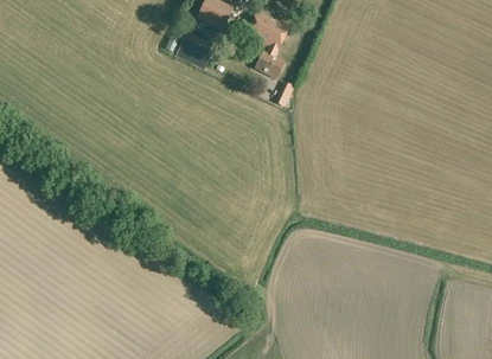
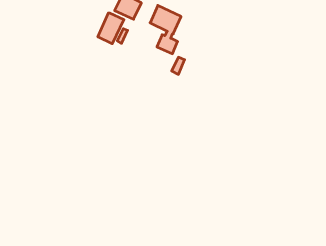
building: none -> [98,13,124,44]

